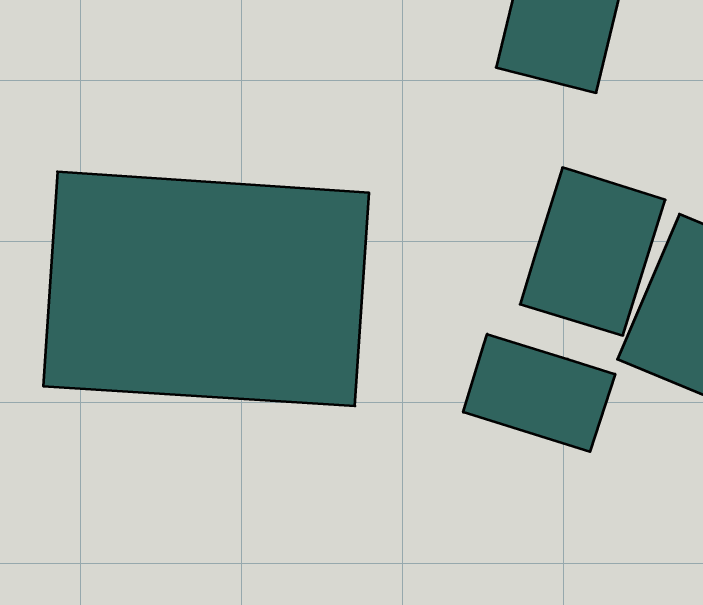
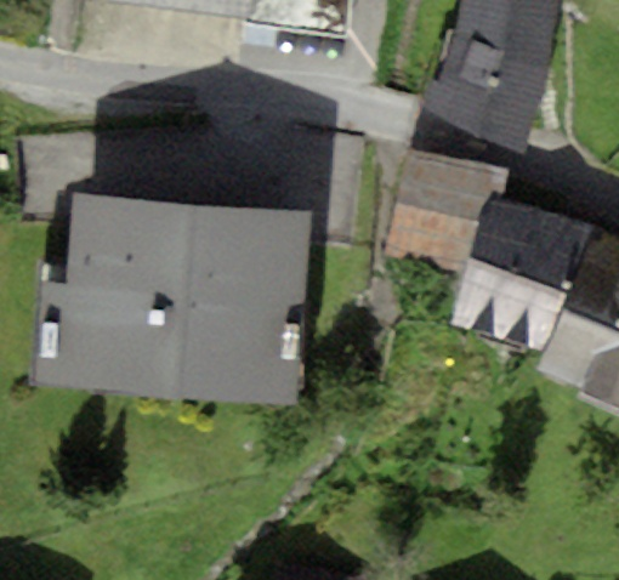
building: none -> [386,147,510,271]
building: [463,334,615,452] -> none

